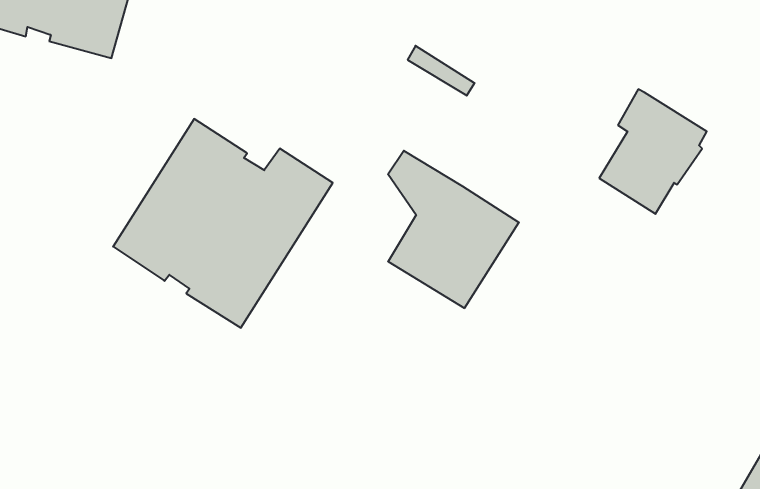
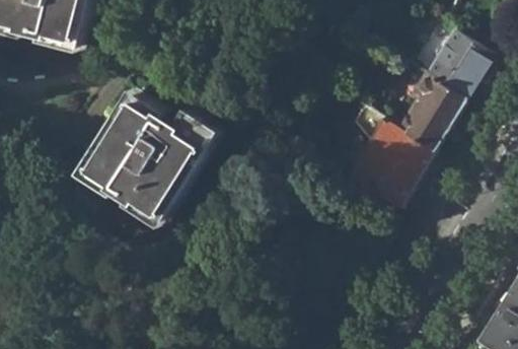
building: none -> [425,32,492,98]
building: [388,151,519,308] -> [347,106,432,208]

